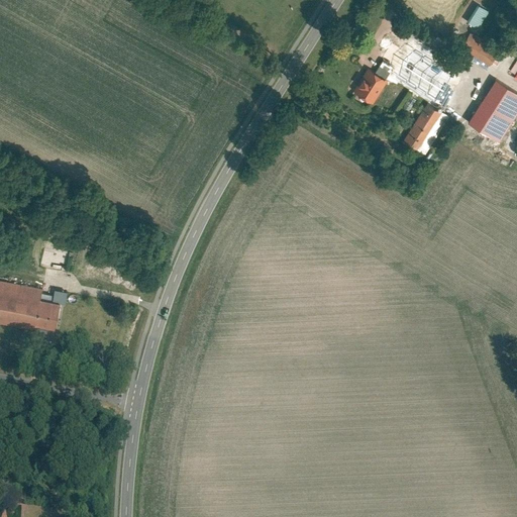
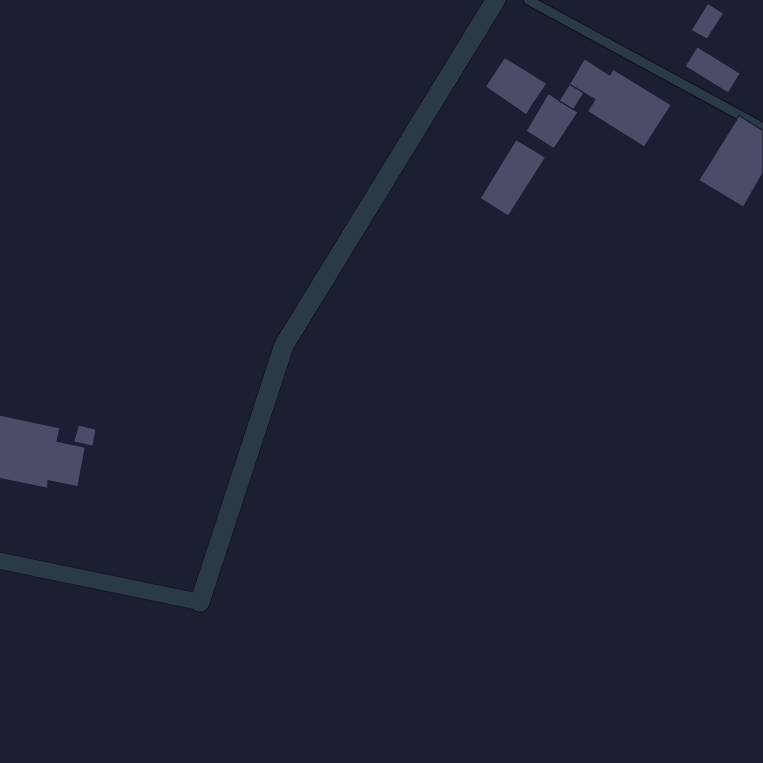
building: none -> [485,57,547,115]
building: [404,104,448,156] -> [480,140,546,216]

